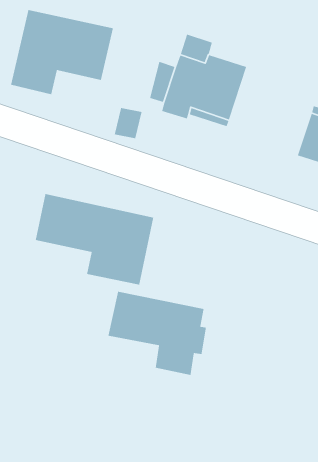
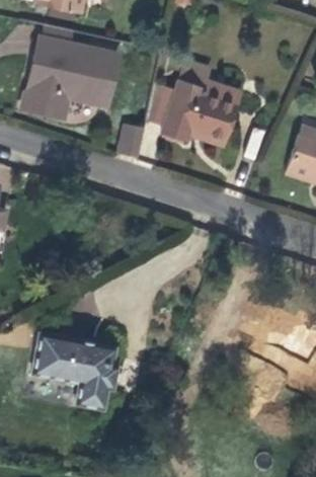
building: [35,193,154,285] -> none
building: [108,291,207,376] -> [28,333,120,411]

